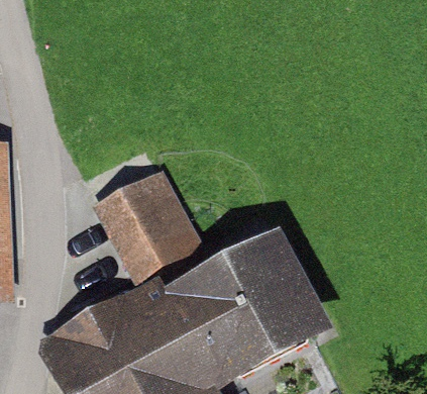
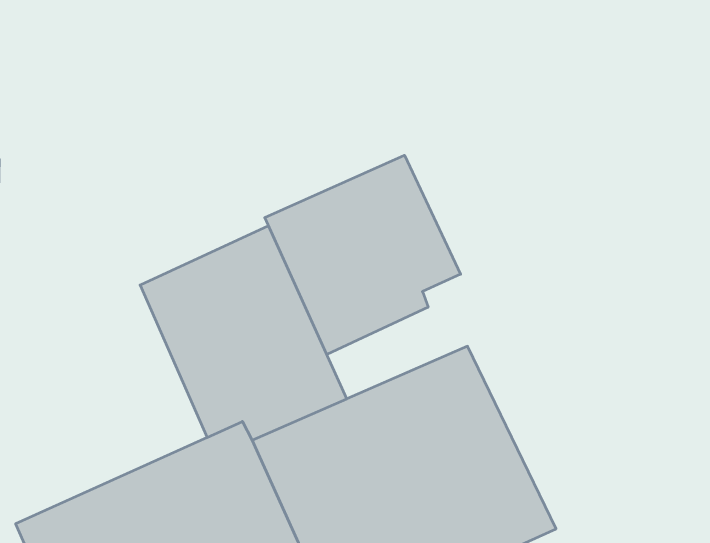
building: none -> [265,155,461,354]

